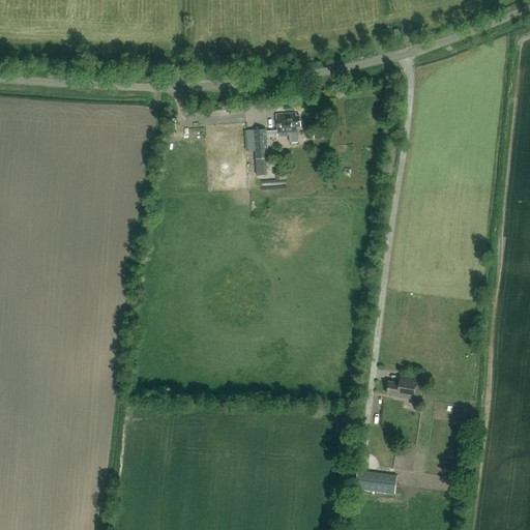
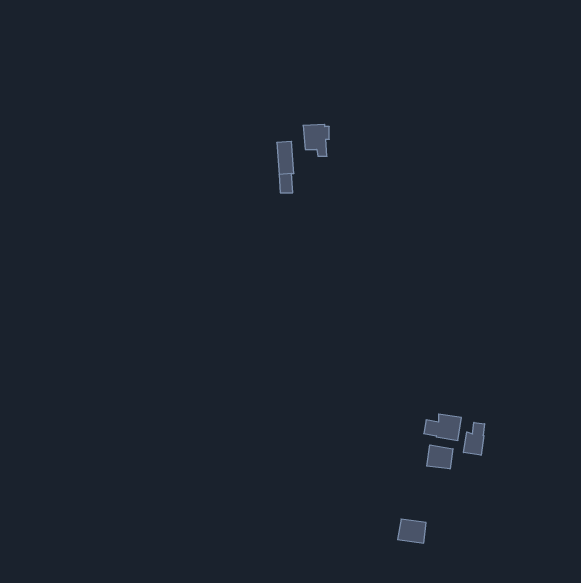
building: none -> [464,422,485,455]
building: none -> [427,445,453,469]

